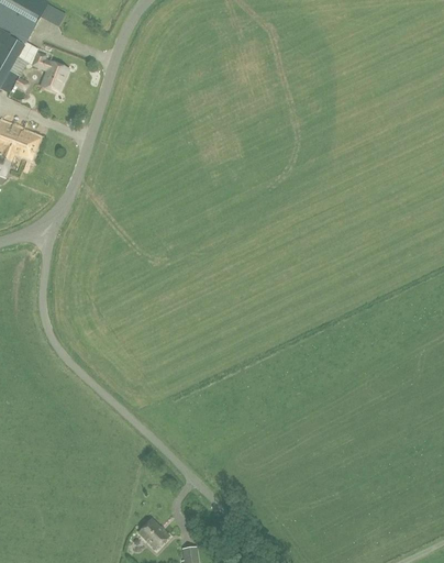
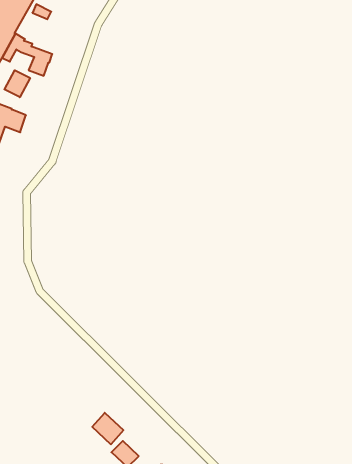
building: none -> [4,70,30,97]
building: none -> [92,413,123,444]

